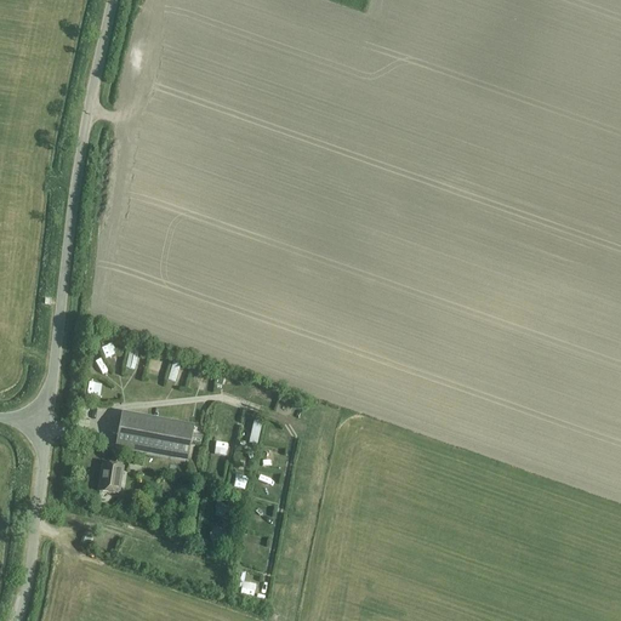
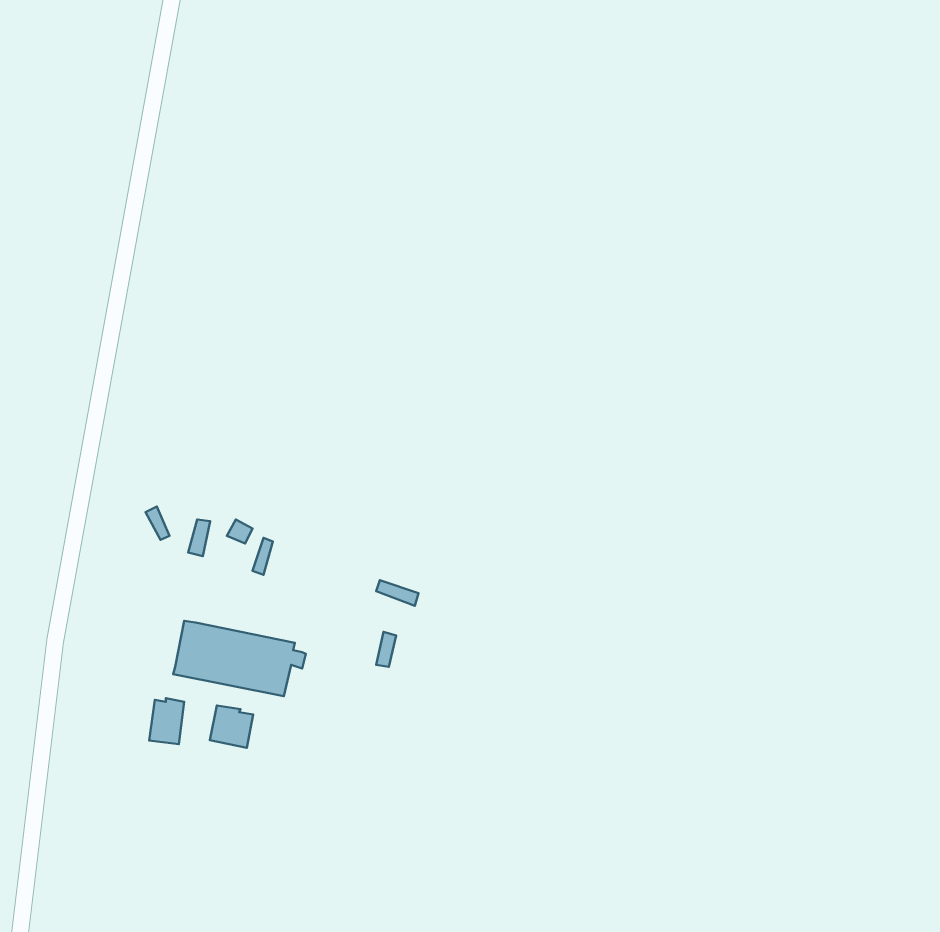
building: none -> [210,706,253,748]

